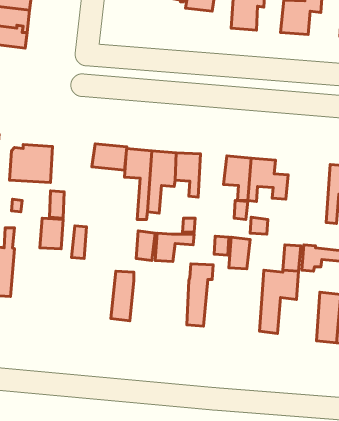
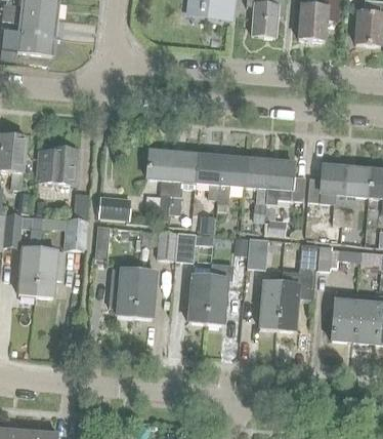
building: [92,144,127,170] -> [97,195,131,221]
building: none -> [217,157,246,204]
building: none -> [309,165,346,224]
building: none -> [36,249,63,296]
building: none -> [110,269,138,317]
building: none -> [189,276,210,323]
building: none -> [259,283,281,329]

